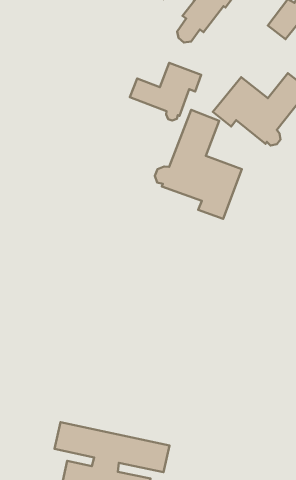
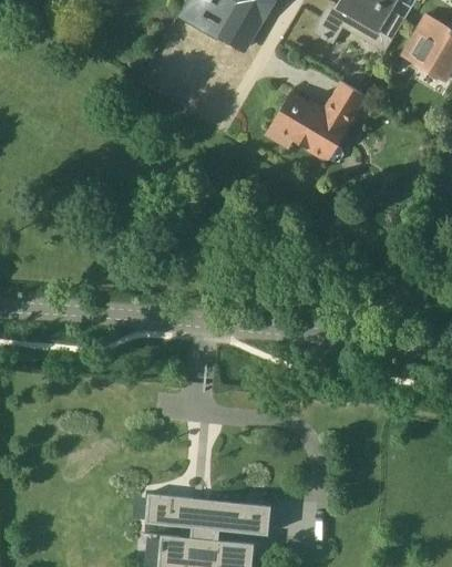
building: [130,63,201,121] -> none
building: [155,110,242,219] -> none

